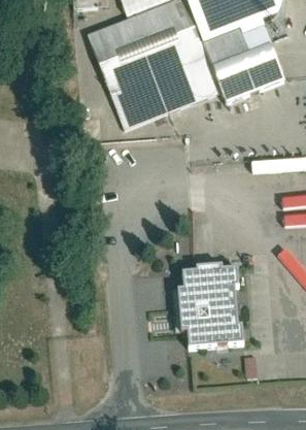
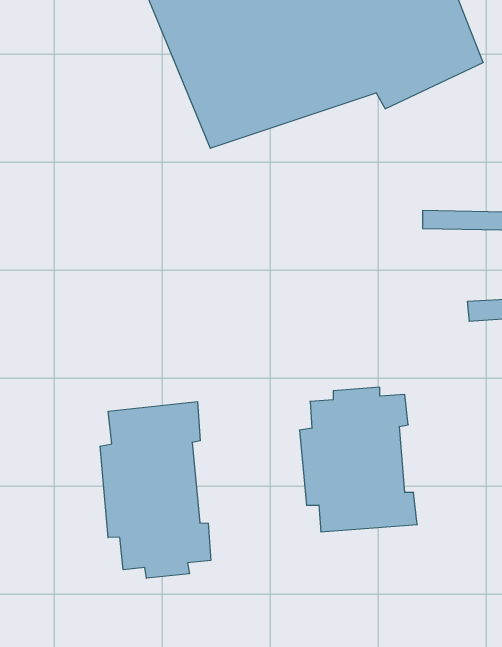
building: none -> [100,402,211,578]

